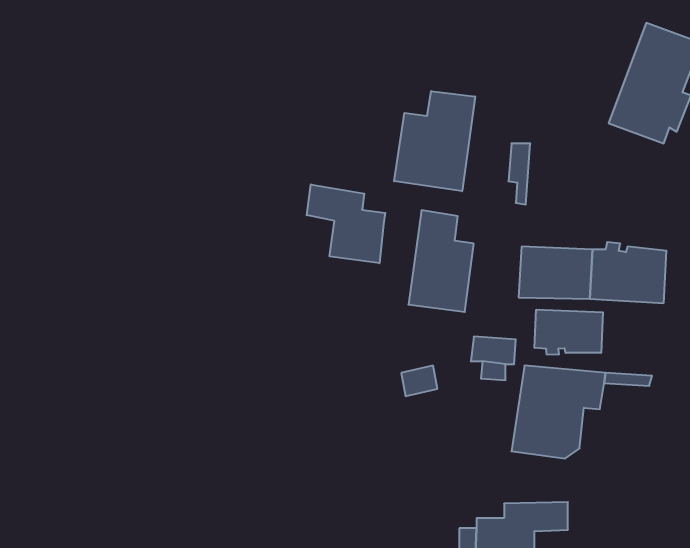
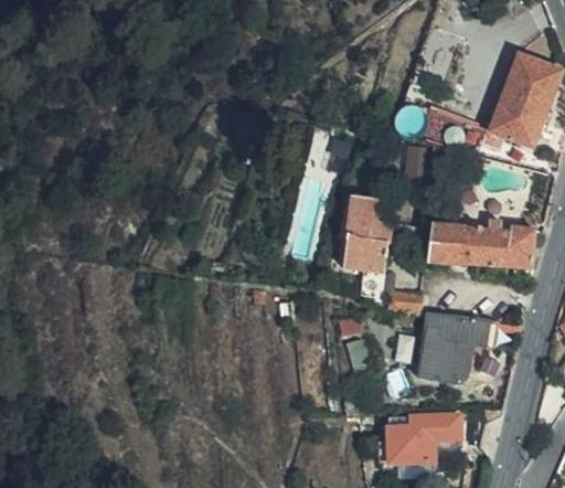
building: [394,91,475,191] -> none
building: [307,184,385,263] -> none
building: [535,310,603,355] -> none

